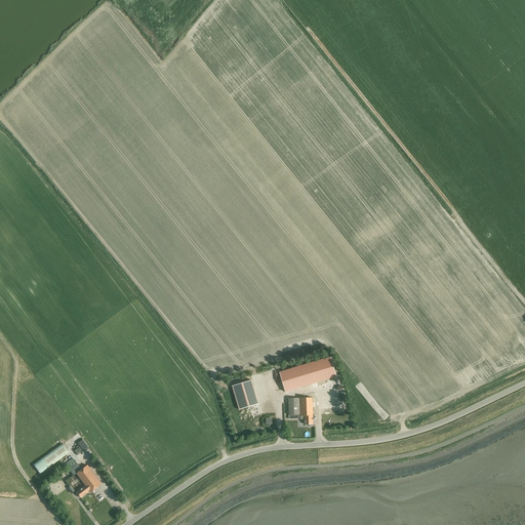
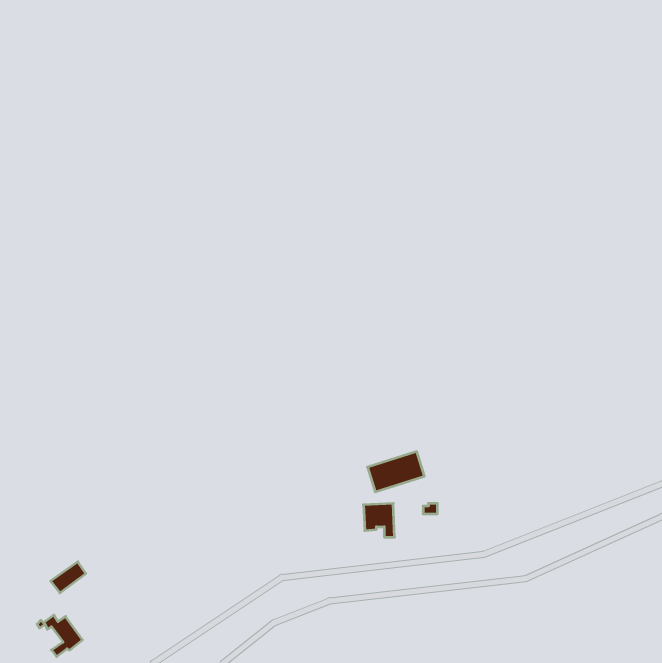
building: [231,378,257,408] -> none
building: [64,465,99,497] -> [37,615,82,657]

